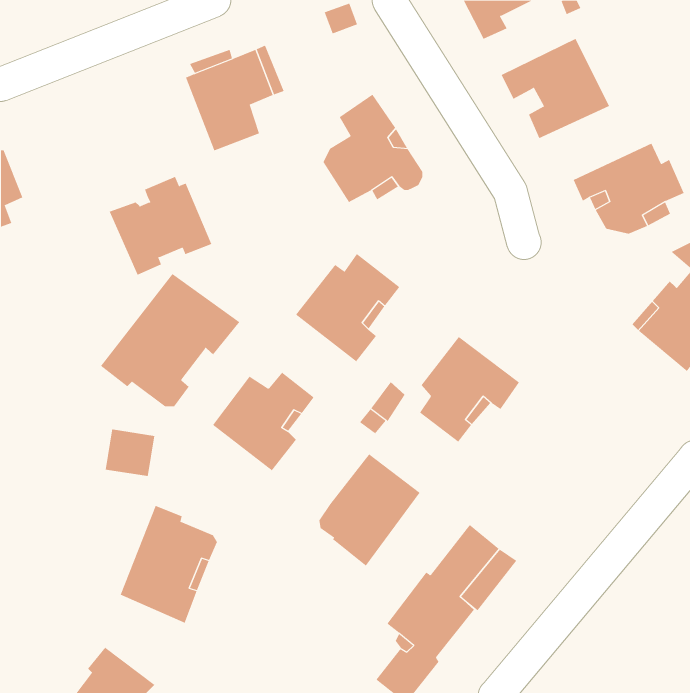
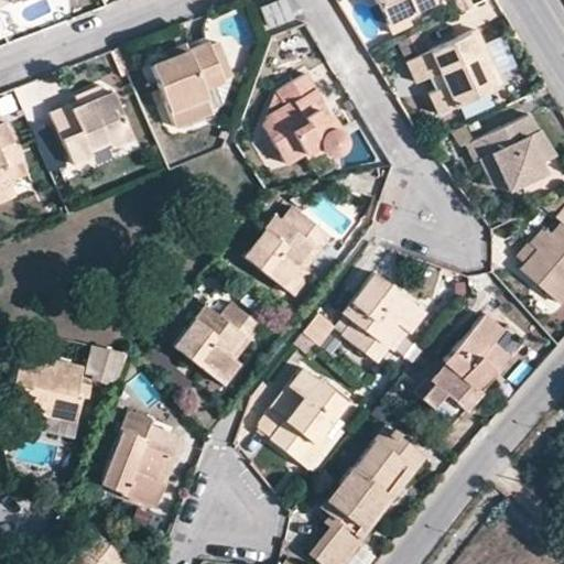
building: [109,176,212,275] -> [50,86,133,166]
building: [100,273,240,407] -> none
building: none -> [416,314,511,425]
building: none -> [14,360,85,423]

